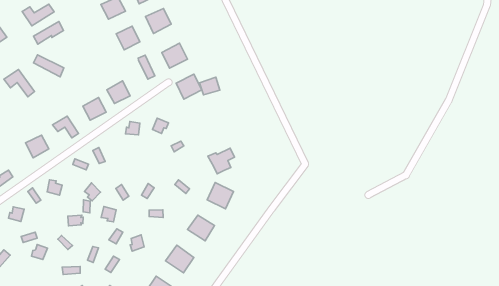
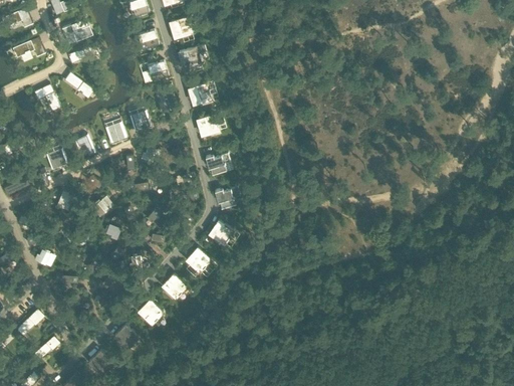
building: none -> [205,152,230,175]

